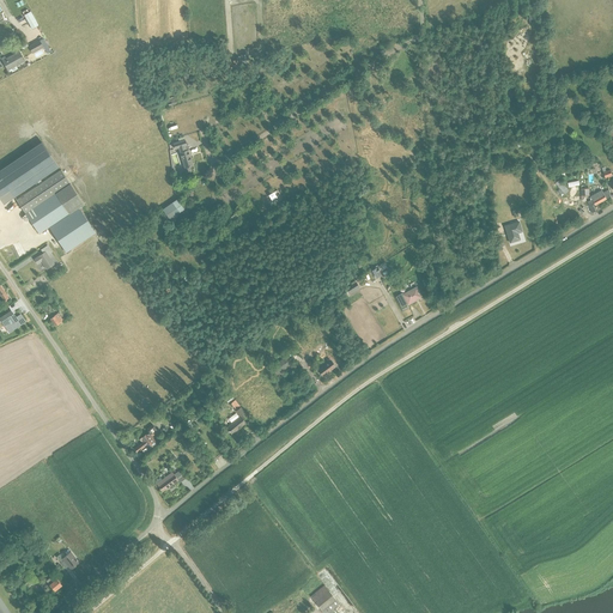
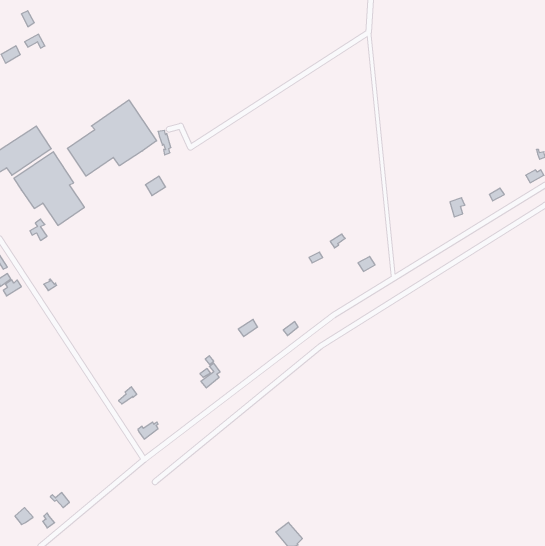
building: none -> [67,100,157,176]

